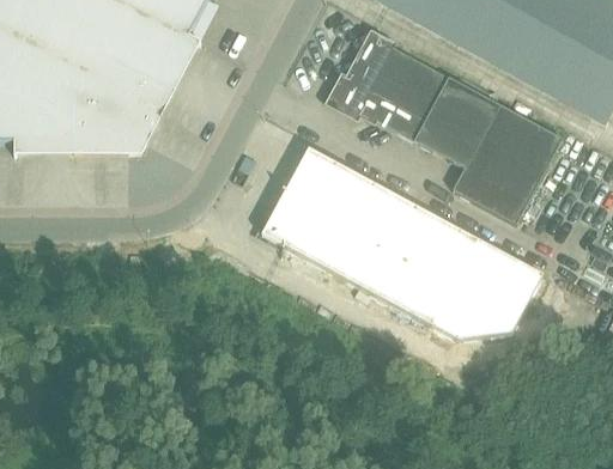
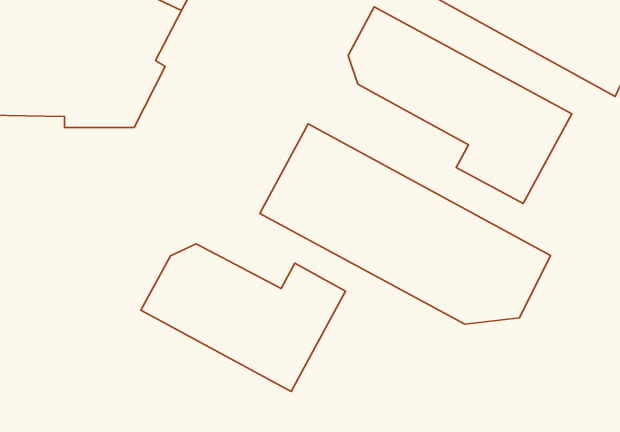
building: none -> [141,244,346,392]

